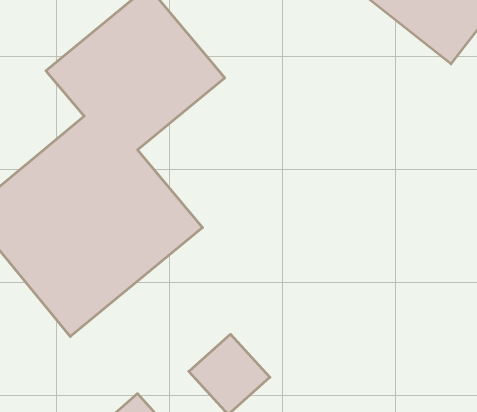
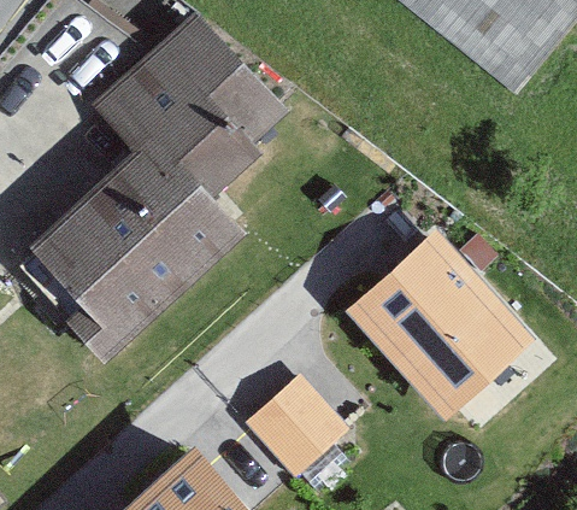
building: none -> [347,227,517,398]

